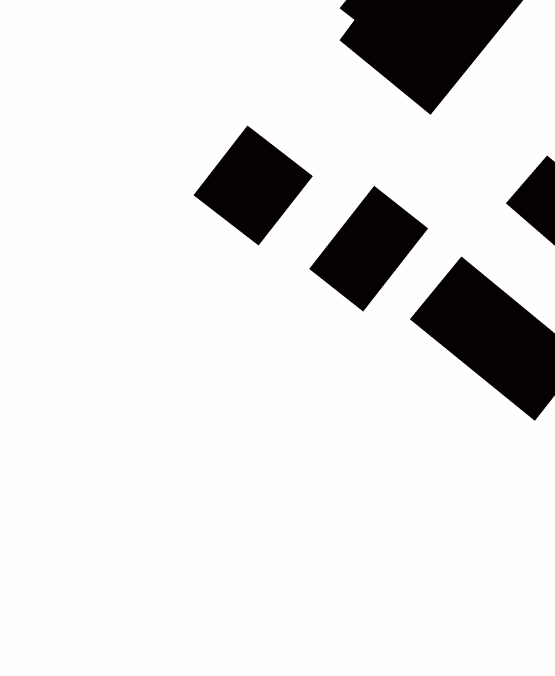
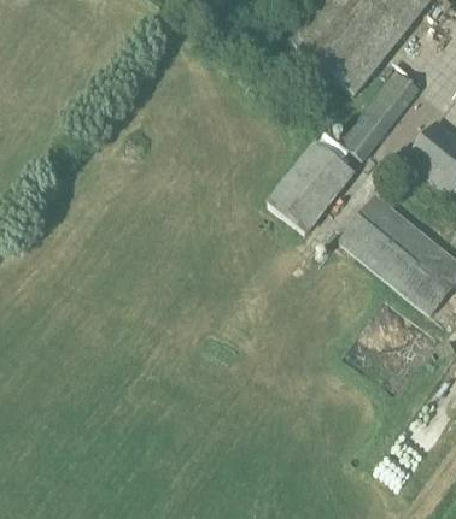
building: none -> [339,67,420,158]
building: [192,125,314,247] -> none

